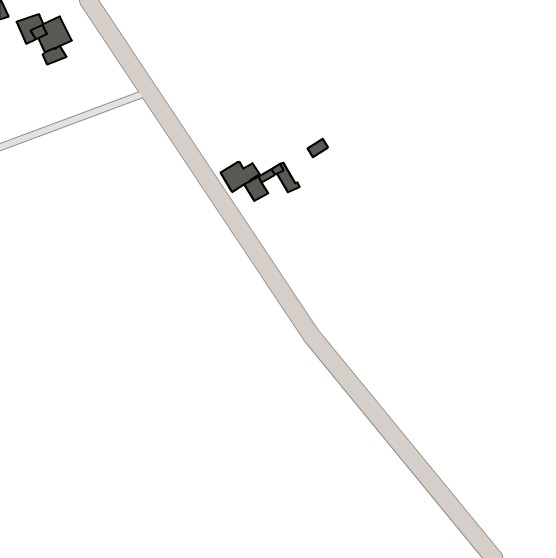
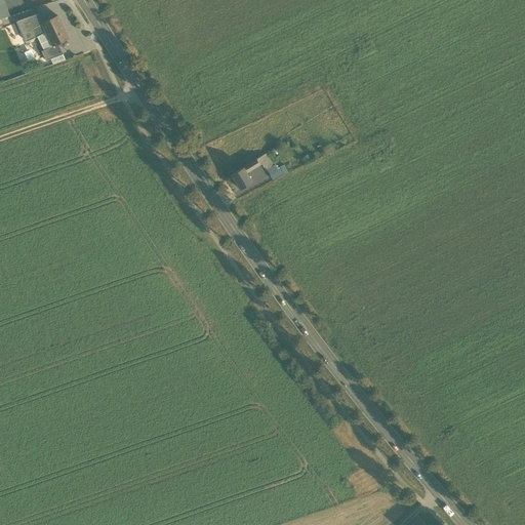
building: [221,162,260,192] -> none

